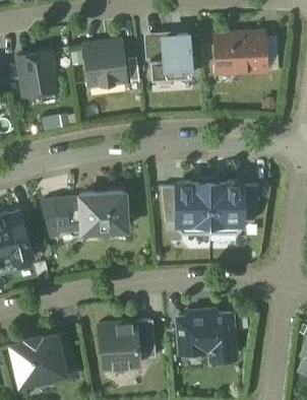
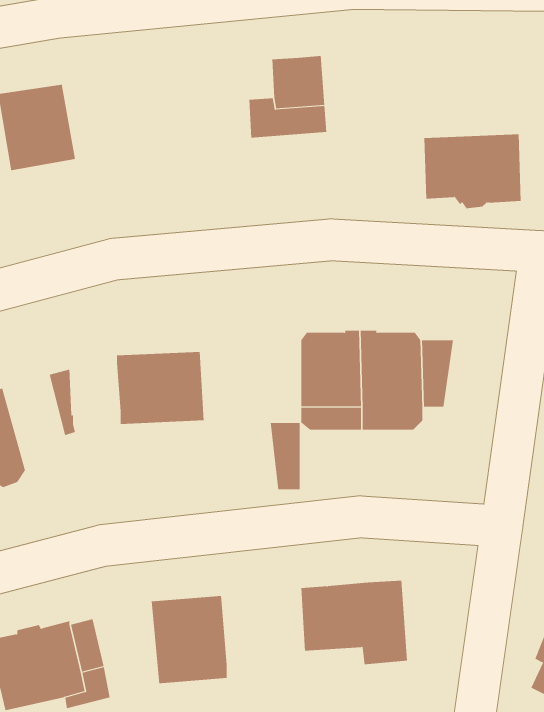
building: [143,32,176,60] -> none
building: [213,35,265,74] -> [423,134,521,209]
building: [82,42,126,87] -> none
building: [161,187,177,222] -> [270,423,300,490]
building: [55,199,81,226] -> none
building: [135,321,156,358] -> none

